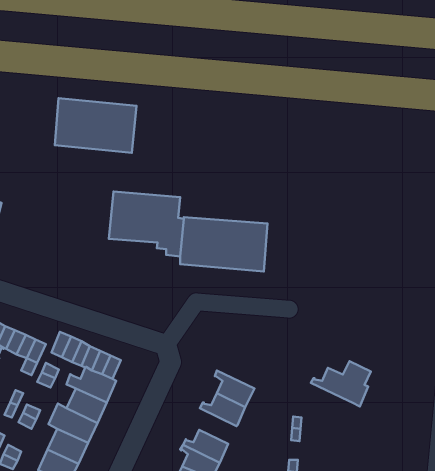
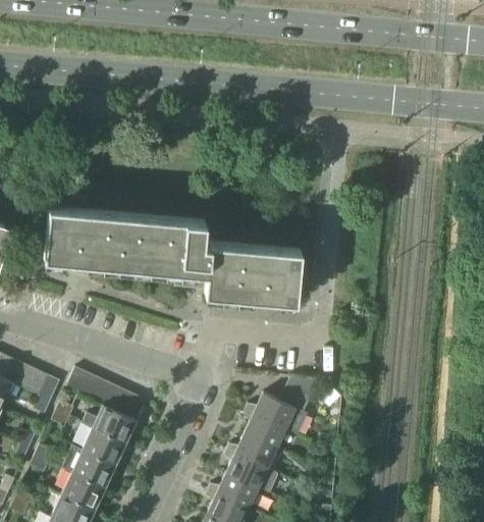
building: [55,98,136,153] -> [45,208,133,267]
building: [311,361,371,406] -> [246,386,311,435]
building: none -> [225,451,279,494]

